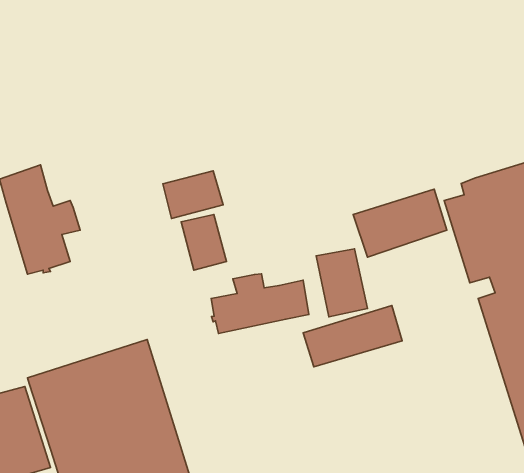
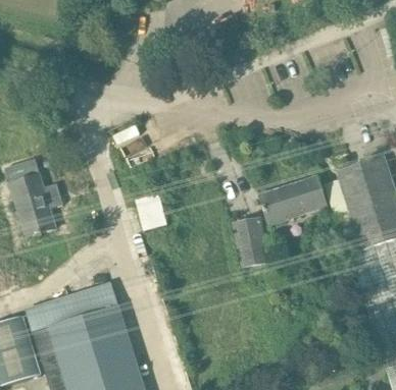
building: [163,171,223,218] -> none
building: [211,274,309,333] -> none
building: [303,305,402,367] -> none

